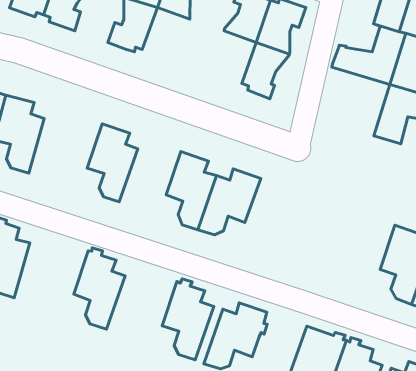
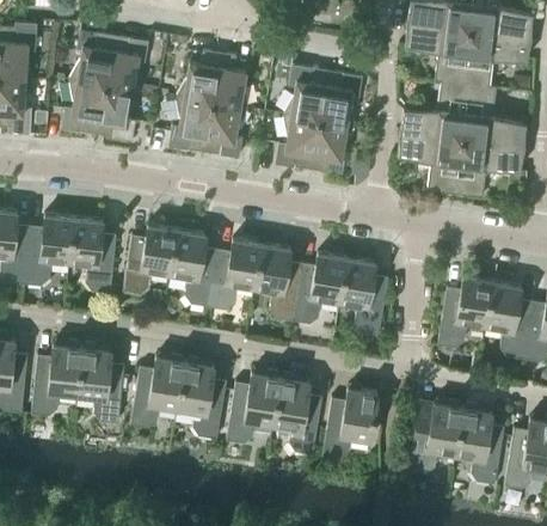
building: none -> [204,103,247,159]
building: none -> [276,115,319,169]
building: none -> [399,133,462,195]
building: none -> [122,226,177,296]
building: none -> [208,240,262,311]
building: none -> [339,258,388,336]
building: none -> [437,277,492,348]
building: none -> [130,355,185,428]
building: none -> [227,372,281,444]

